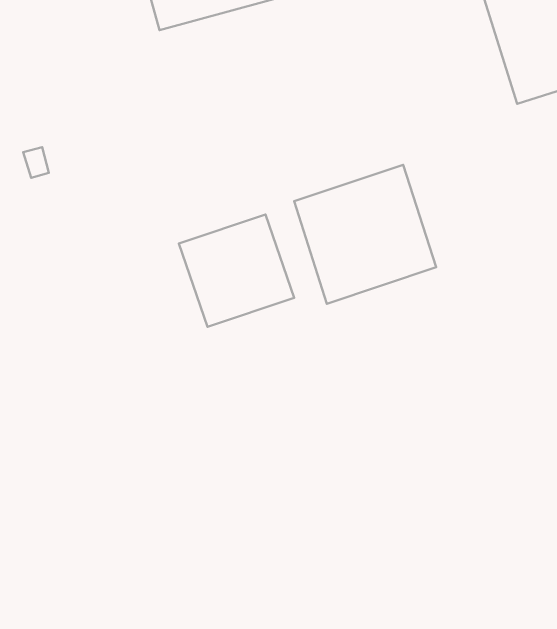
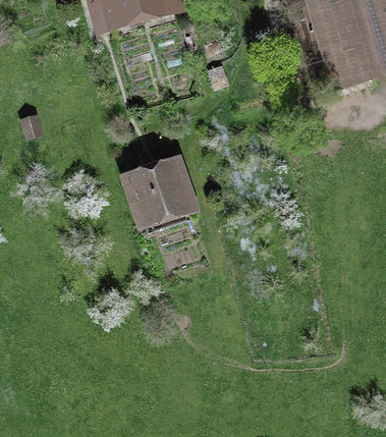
building: [294,165,436,304] -> none

